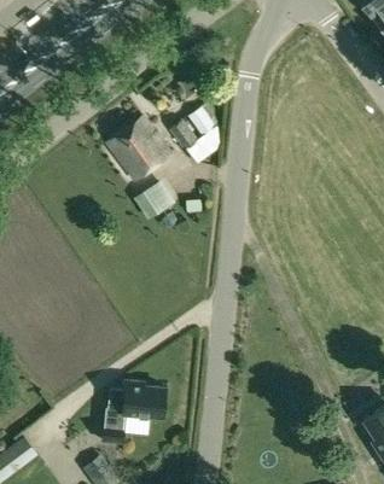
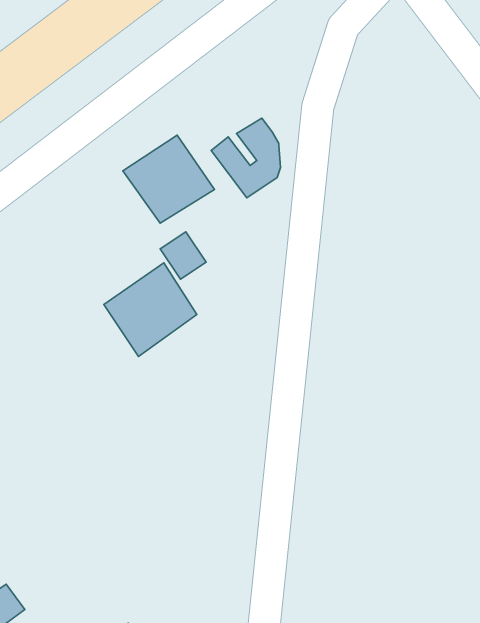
building: none -> [104,263,197,357]
building: [101,383,164,444] -> none

